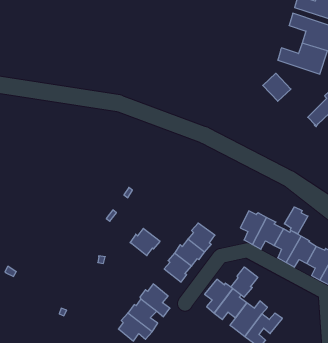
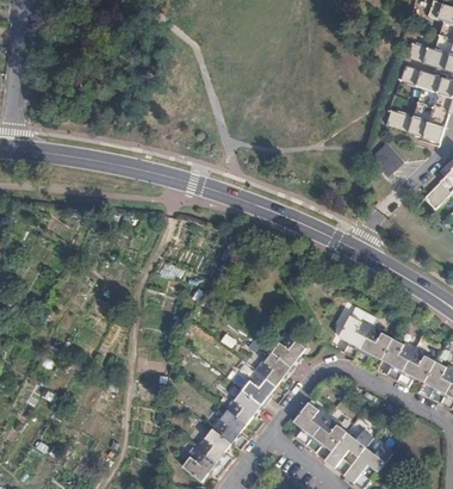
building: [284,207,308,234] -> none
building: [130,228,160,256] -> [225,390,263,425]
building: [231,267,258,297] -> none

